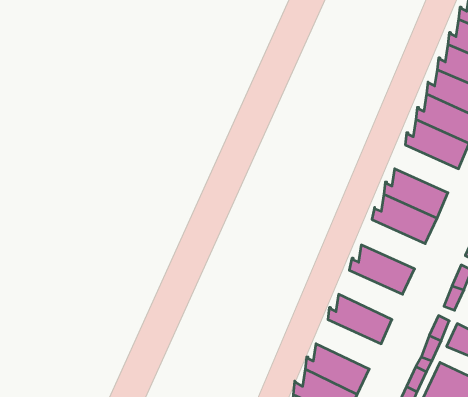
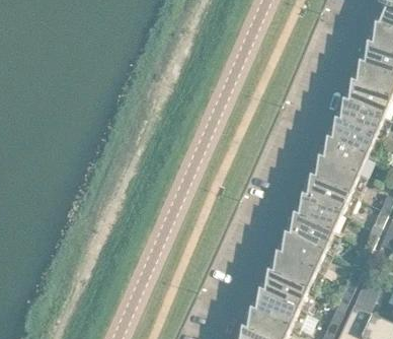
building: none -> [318,139,367,176]
building: none -> [293,196,341,233]
building: none -> [276,234,324,272]
building: none -> [258,272,308,310]

